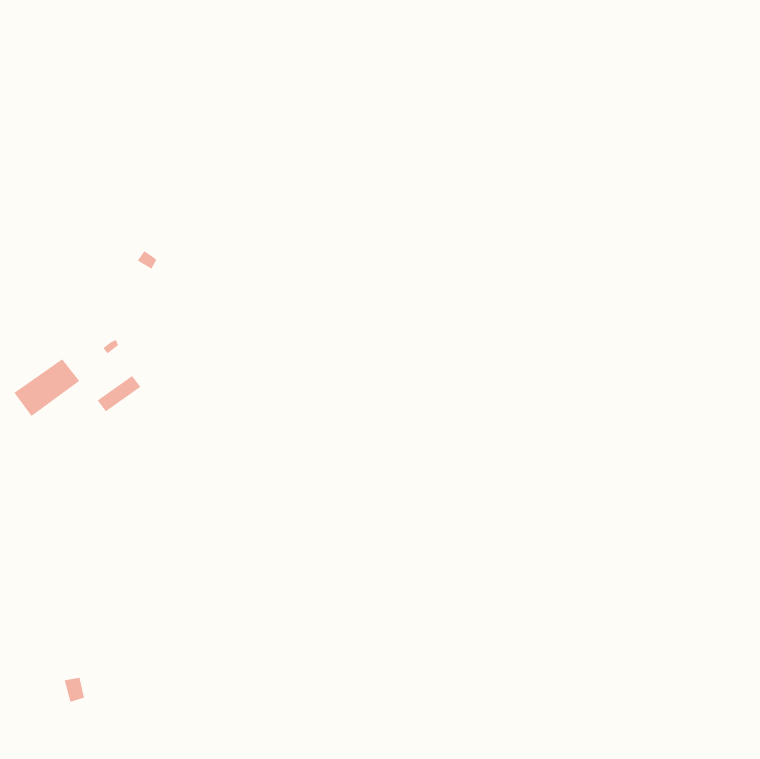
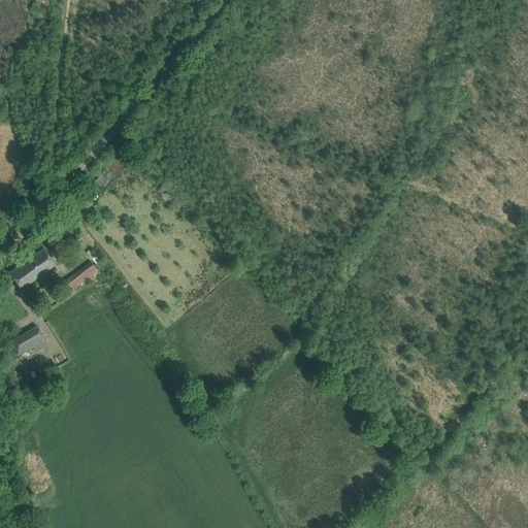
building: none -> [11,327,44,357]

